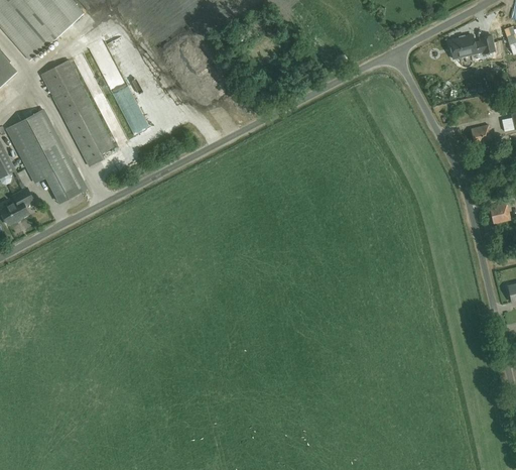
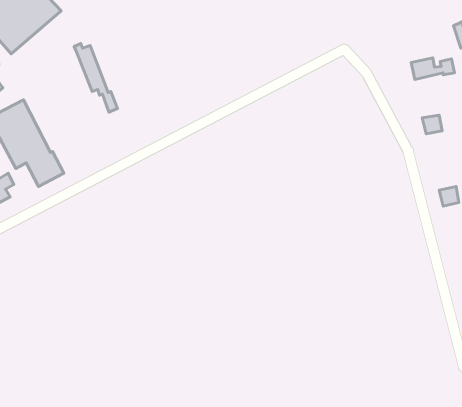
building: [447,34,494,57] -> [411,58,454,80]
building: [40,60,113,166] -> none

